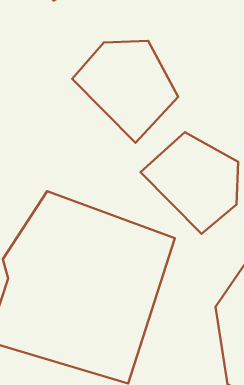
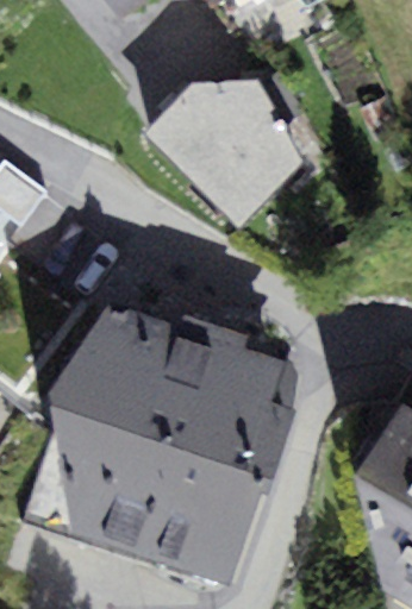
building: [141,132,238,234] -> none

